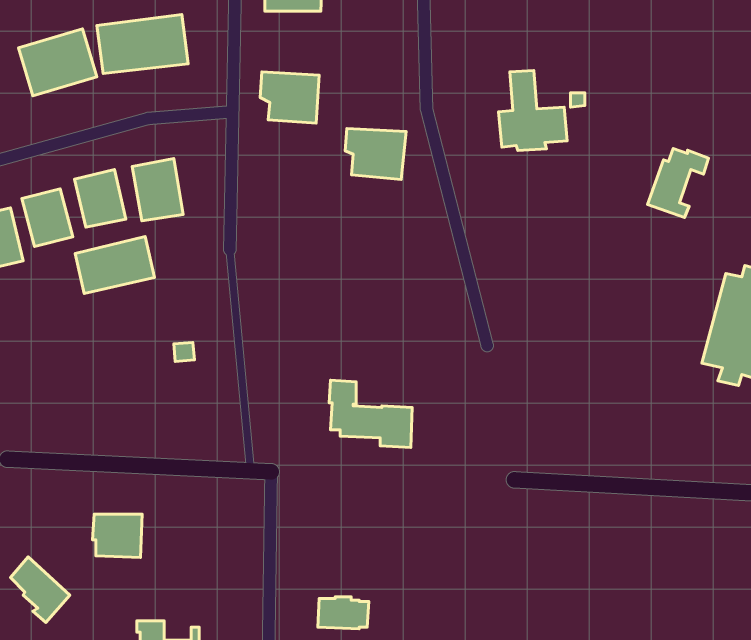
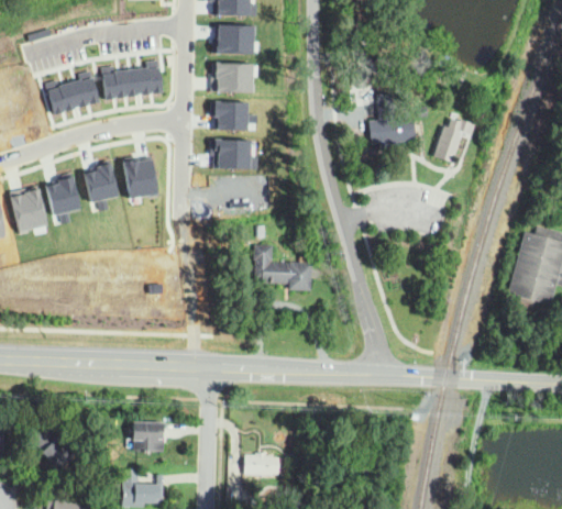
building: none -> [212,60,251,90]
building: [345,128,406,180] -> [210,133,252,168]
building: [648,149,708,217] -> [437,121,478,168]
building: [75,236,155,293] -> none
building: [329,380,412,448] -> [258,246,316,292]
building: [93,514,142,557] -> [135,424,169,454]

